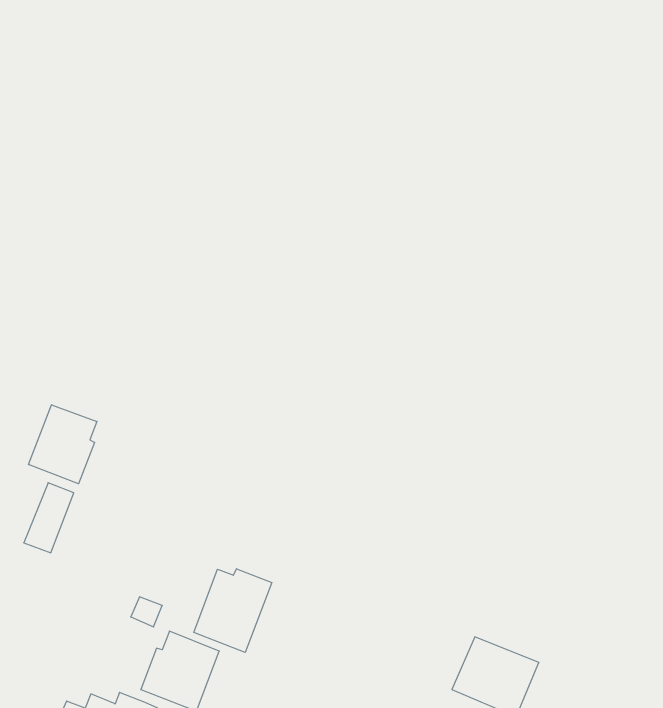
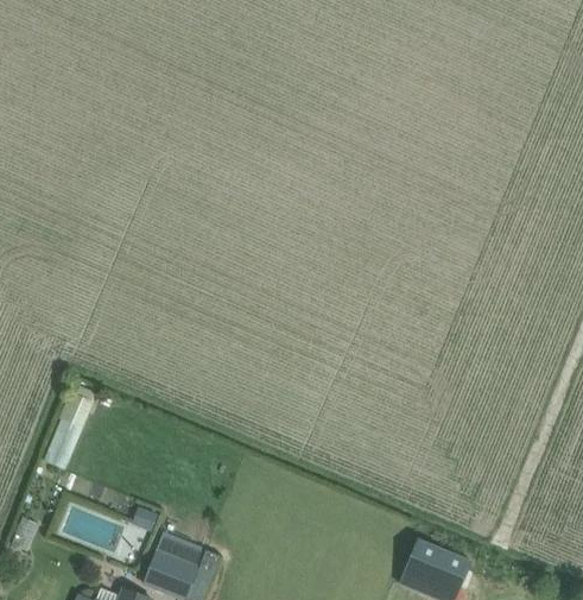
building: [29,405,97,484] -> none
building: [194,569,272,652] -> none

